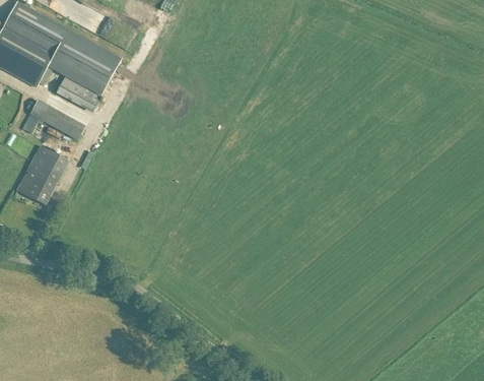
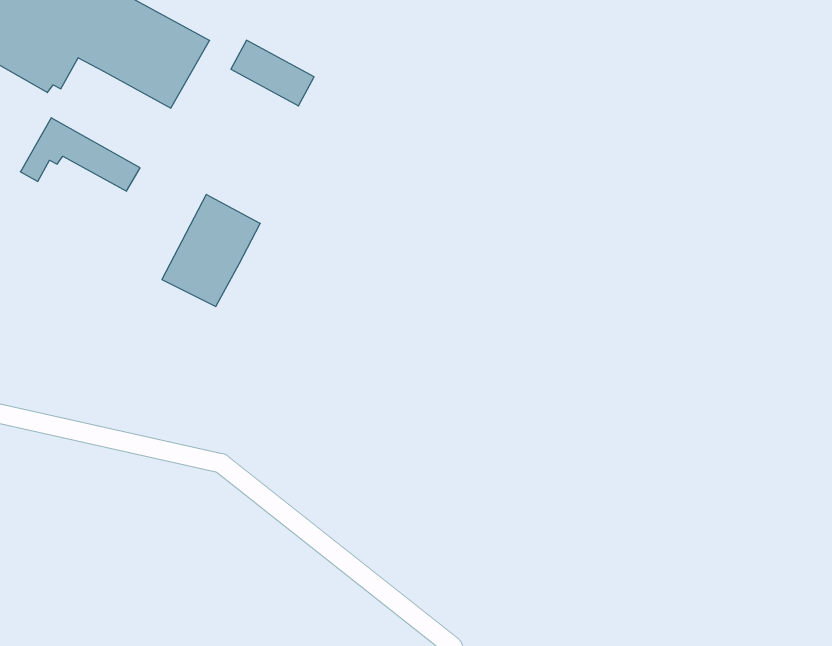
building: [57,75,100,110] -> [231,40,314,106]
building: [16,145,68,204] -> [162,194,260,306]

